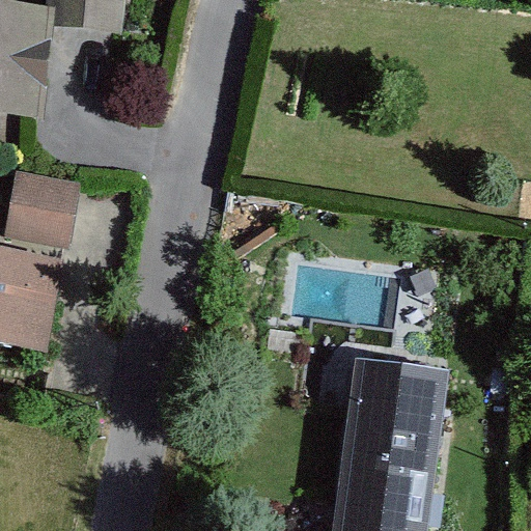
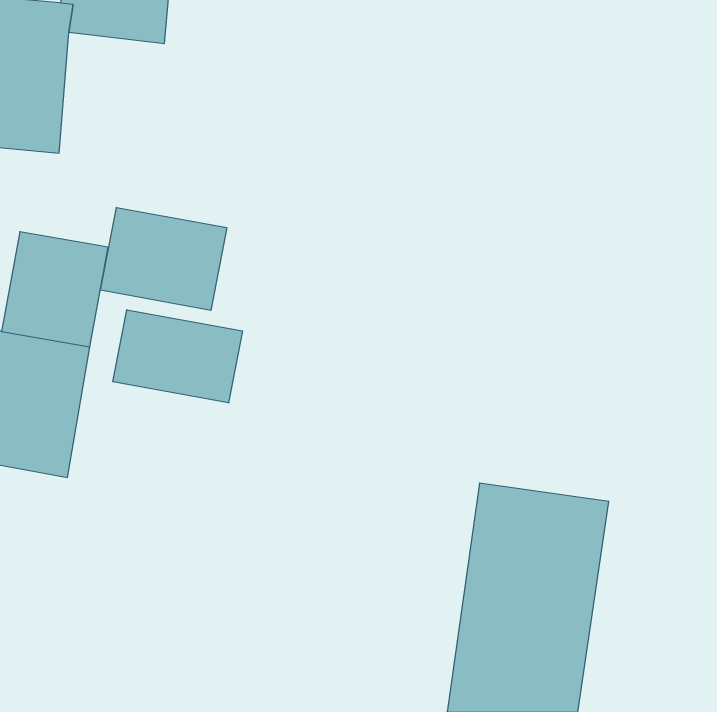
building: none -> [100,207,227,310]
building: none -> [113,310,243,403]

